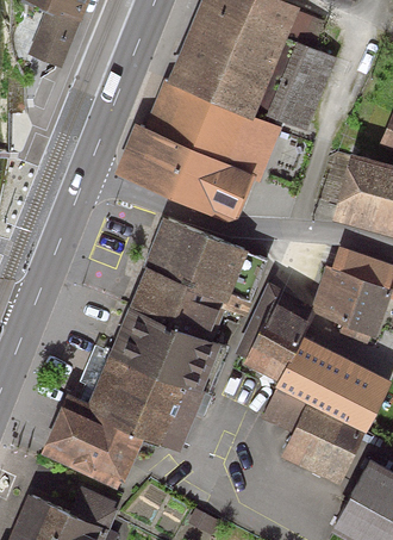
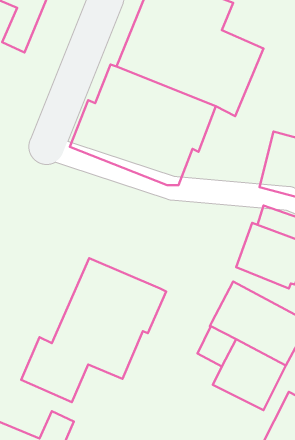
building: [133,218,255,341] -> none
building: [232,281,311,380] -> none

